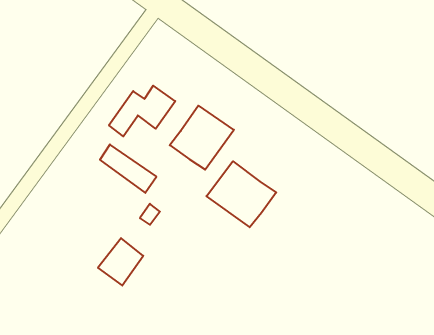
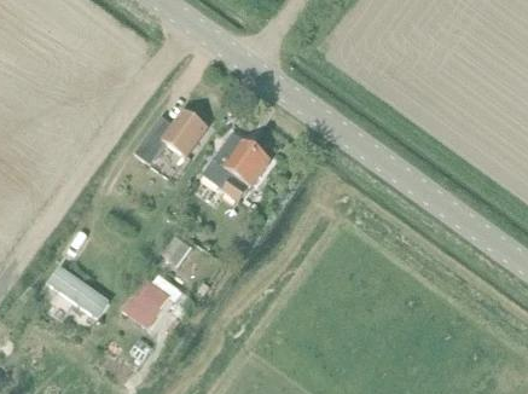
building: [100,144,156,193] -> [50,265,111,318]
building: [206,161,276,227] -> none

